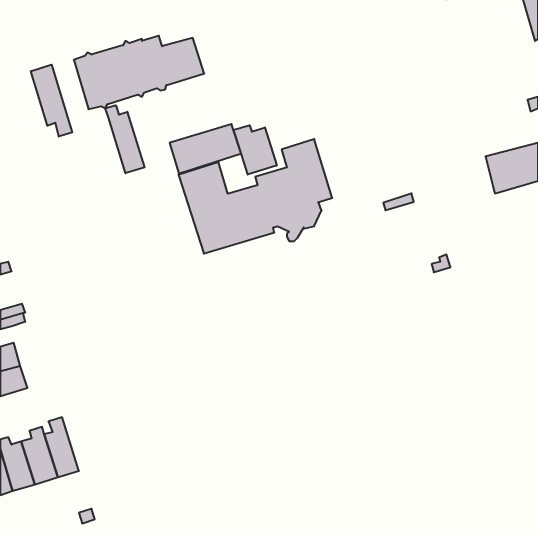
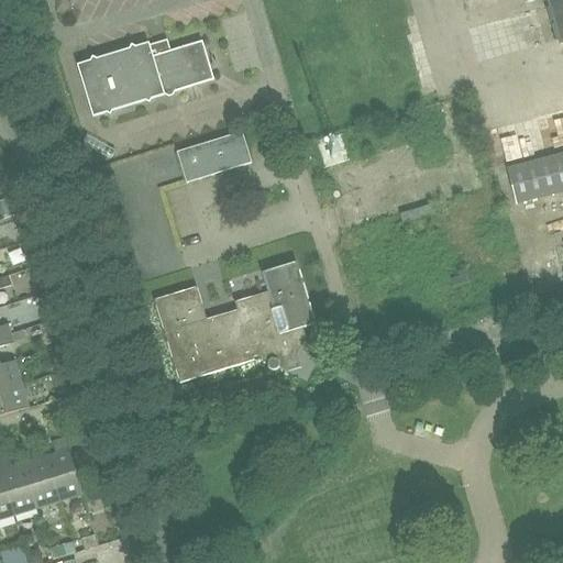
building: [31,65,72,137] -> none
building: [105,105,145,173] -> none
building: [234,125,277,175] -> none
building: [178,139,332,254] -> [154,261,314,380]

